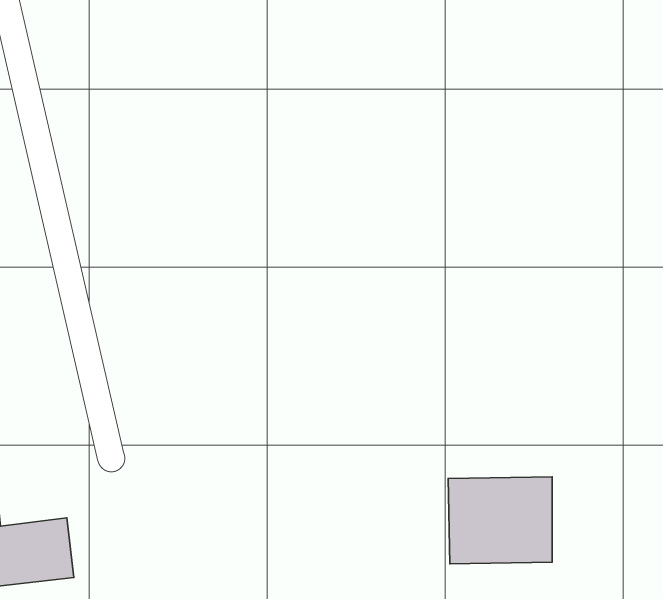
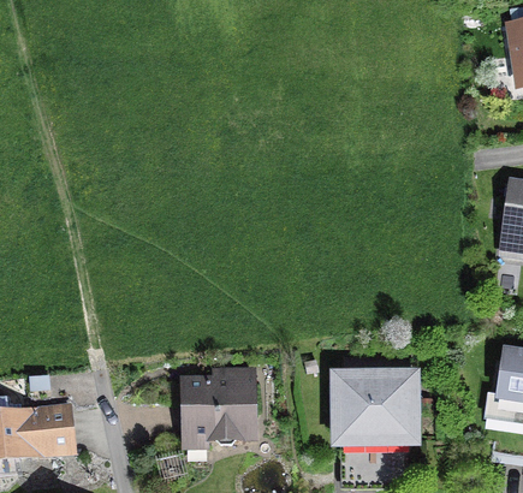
building: none -> [183,367,251,441]

